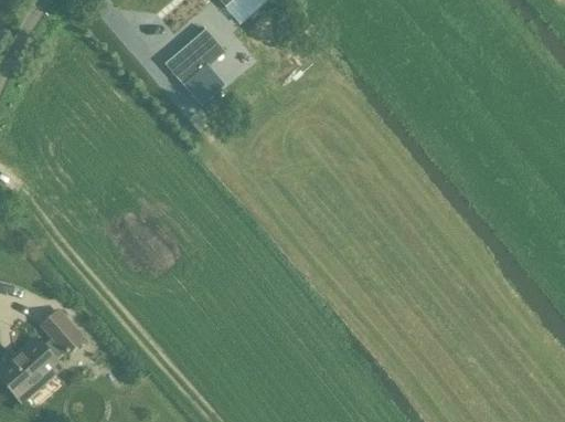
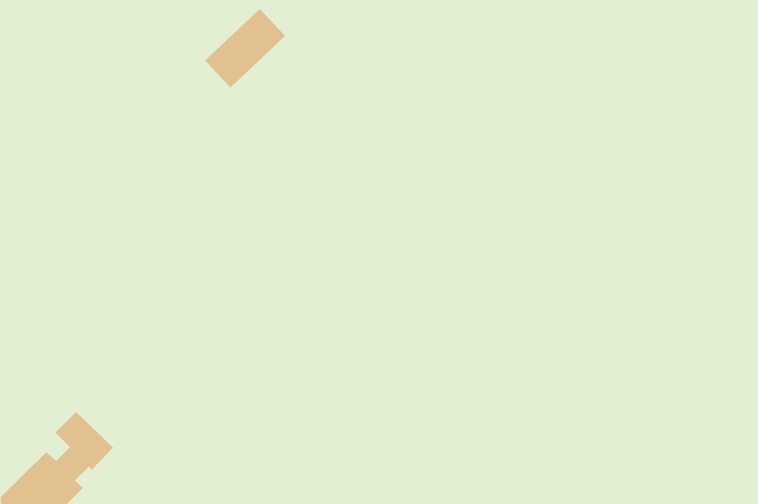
building: [182,66,222,106] -> none

